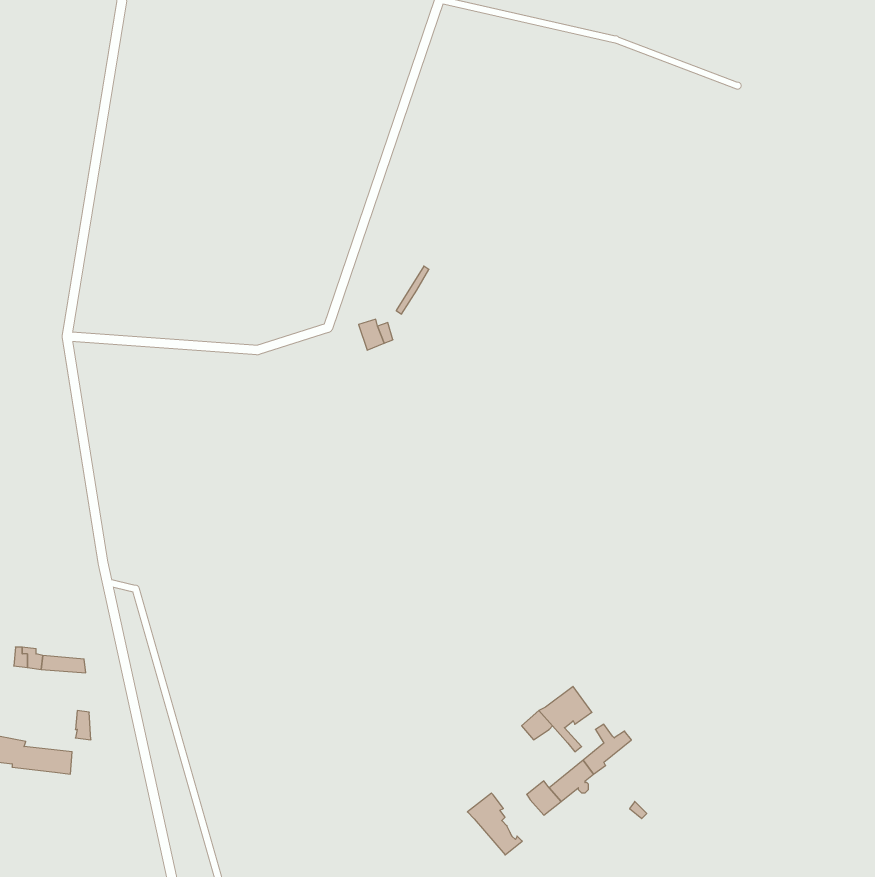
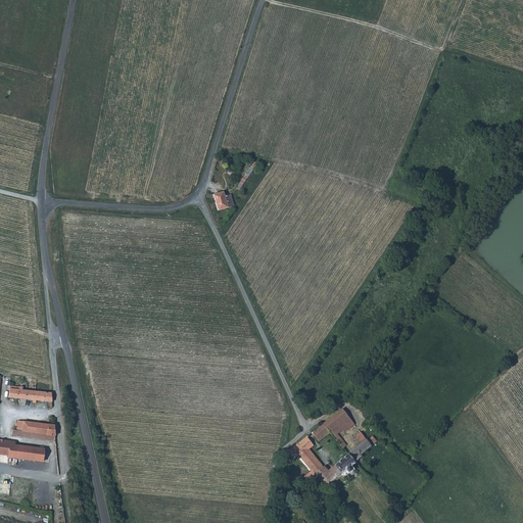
building: none -> [11,420,44,439]
building: [467,793,522,855] -> [291,436,324,473]

